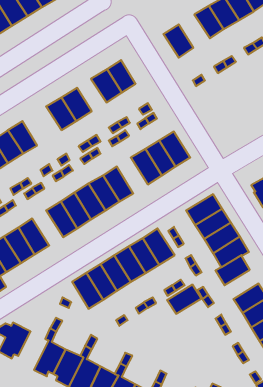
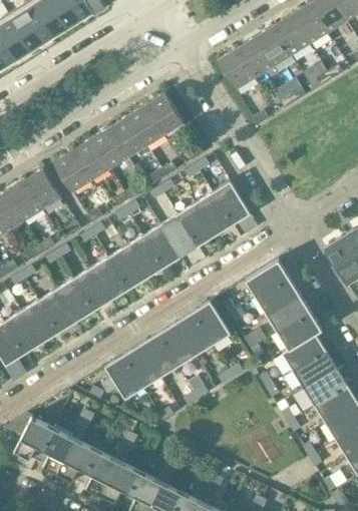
building: none -> [236,37,274,78]
building: none -> [110,116,146,156]
building: none -> [53,150,91,191]
building: none -> [159,213,198,258]
building: none -> [55,279,93,322]
building: [167,285,201,314] -> [292,352,334,388]
building: none -> [38,417,76,475]

